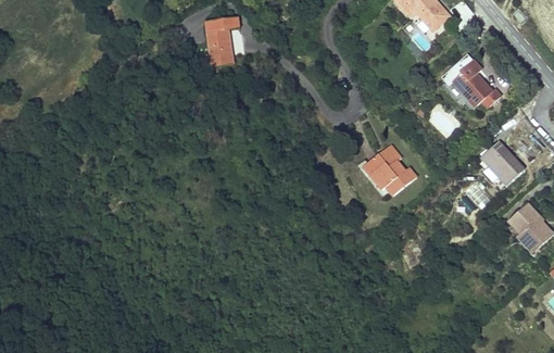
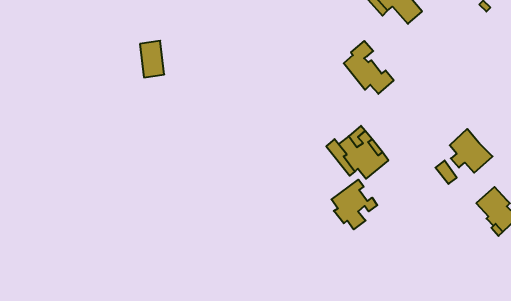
building: [204,26,230,65] -> [140,41,164,77]
building: [454,53,507,110] -> [344,41,394,94]
building: none -> [331,180,377,229]

